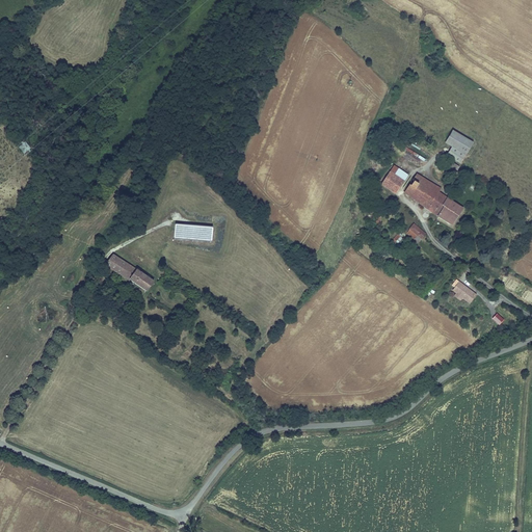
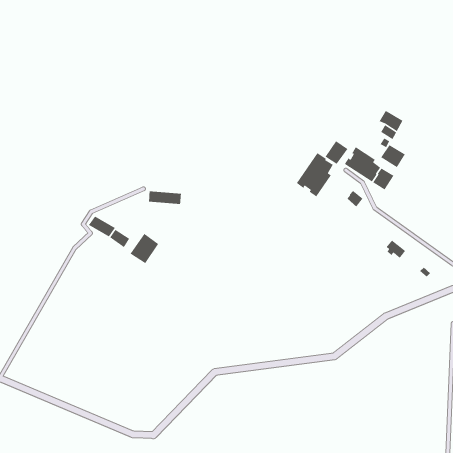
building: none -> [380,144,406,168]
building: none -> [296,152,334,198]
building: none -> [130,233,159,264]

